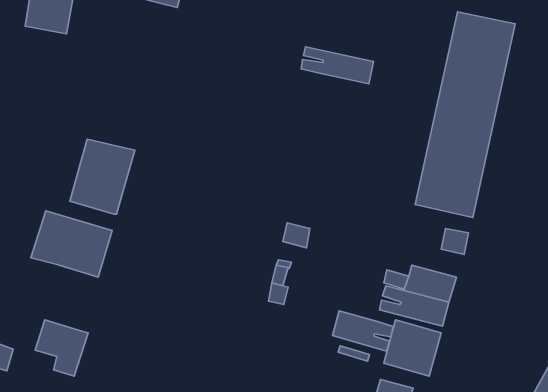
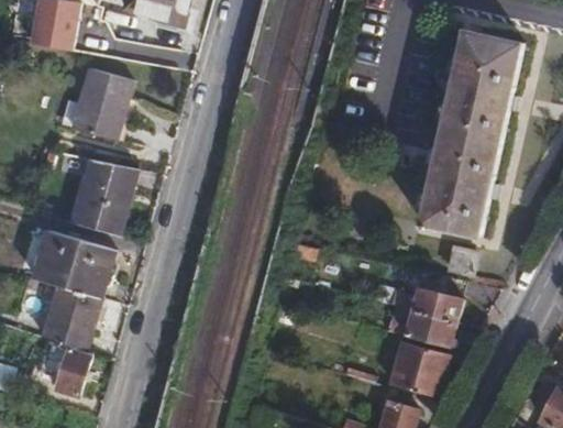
building: [301,47,373,84] -> none
building: none -> [71,67,134,140]
building: none -> [42,284,101,352]
building: [333,311,393,351] -> none

